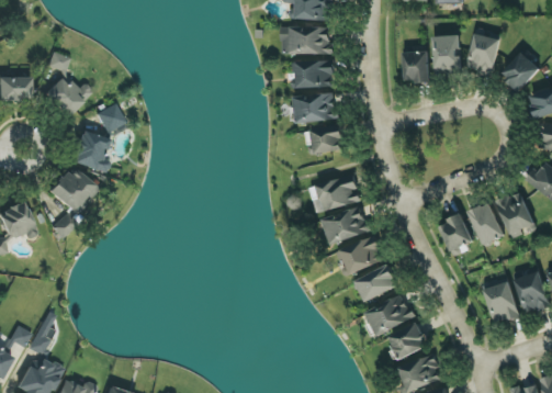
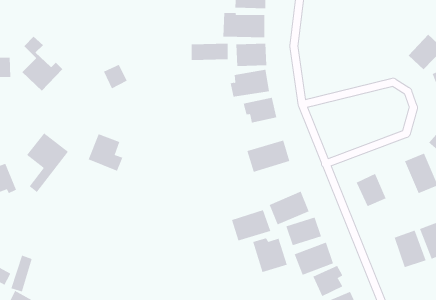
building: [466,29,500,71] -> none
building: [432,35,460,75] -> none
building: [403,52,429,81] -> none
building: none -> [191,43,228,61]
building: [94,103,123,133] -> [103,64,127,89]
building: [69,130,111,175] -> [88,133,123,172]
building: [467,202,504,245] -> none
building: [322,206,369,244] -> [231,210,271,241]
building: none -> [252,238,287,273]

